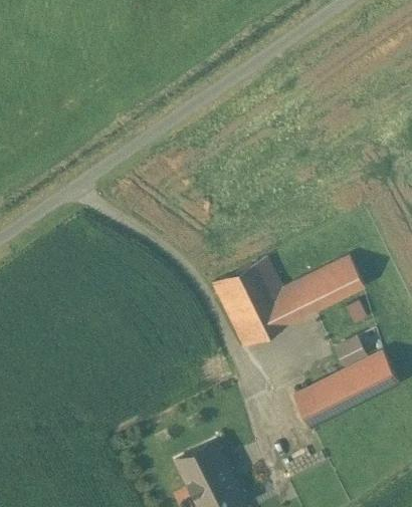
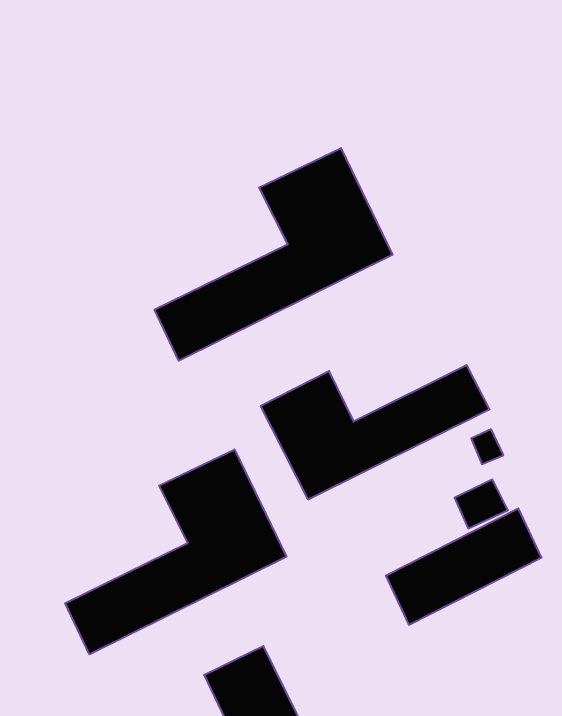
building: none -> [155,148,392,361]
building: none -> [65,449,286,654]

